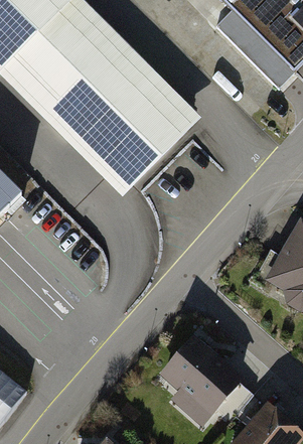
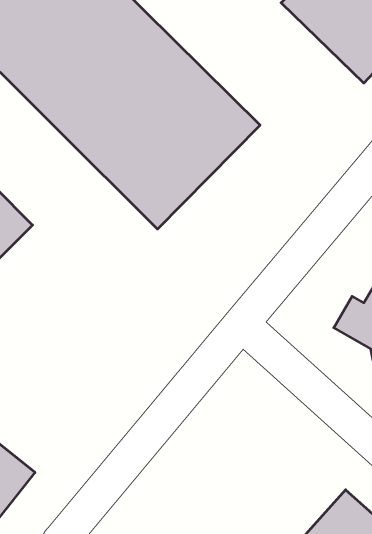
building: [158,336,241,425] -> none

